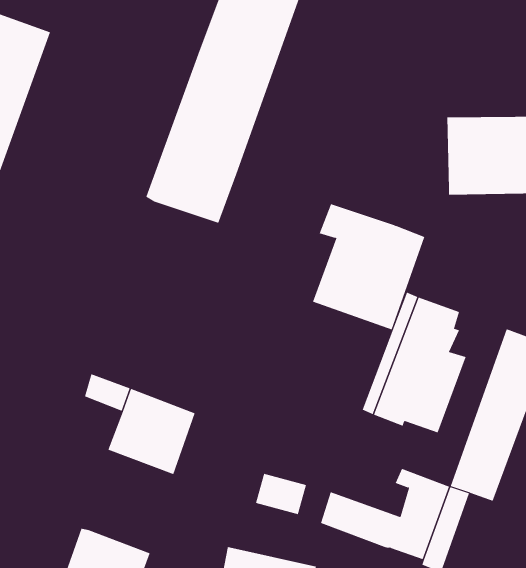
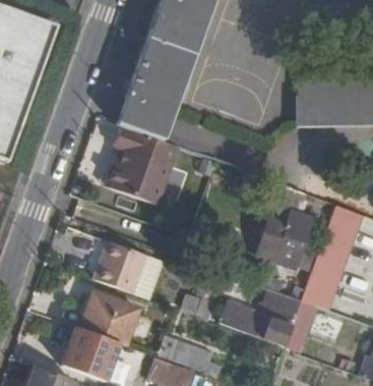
building: [312,204,425,330] -> [109,127,178,205]
building: none -> [80,293,138,344]

